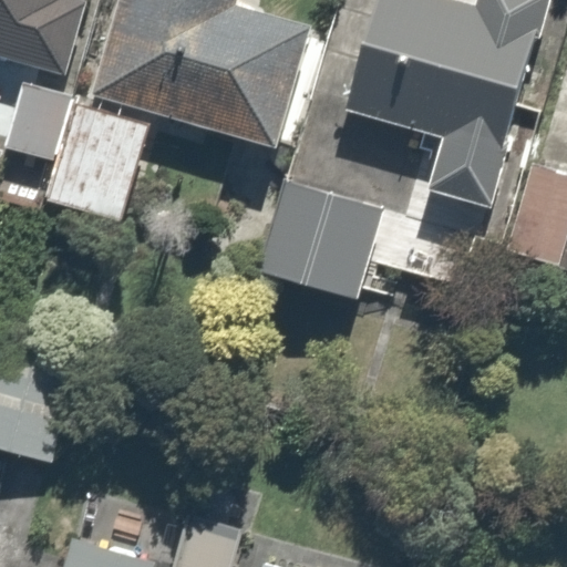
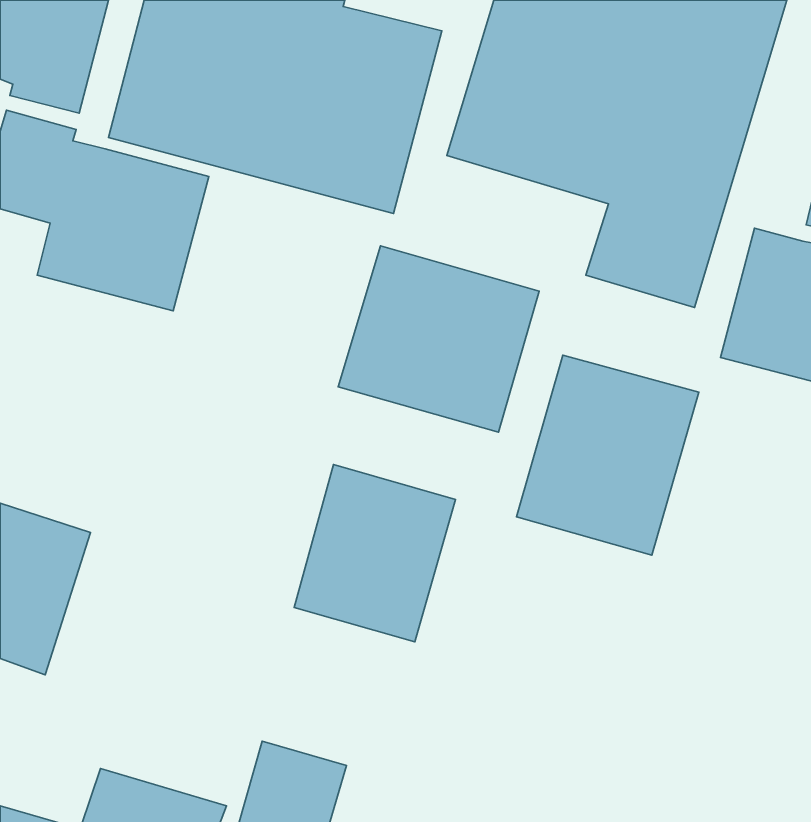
building: none -> [517,355,699,555]
building: none -> [294,464,455,642]

